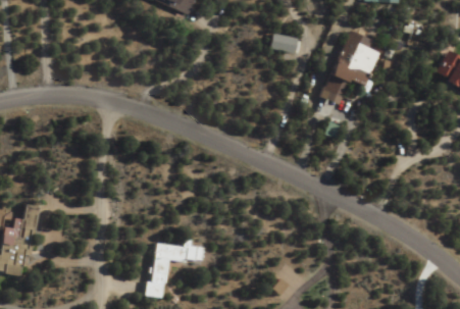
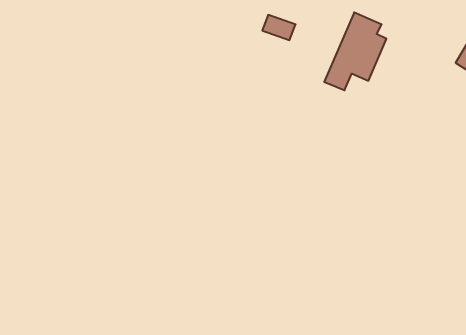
building: [148,242,204,298] -> none

